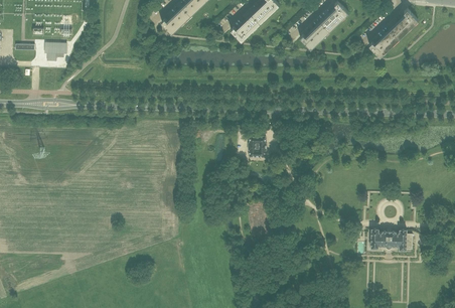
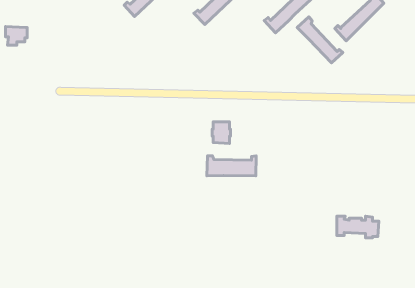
building: none -> [297,17,343,63]
building: none -> [207,156,256,176]

